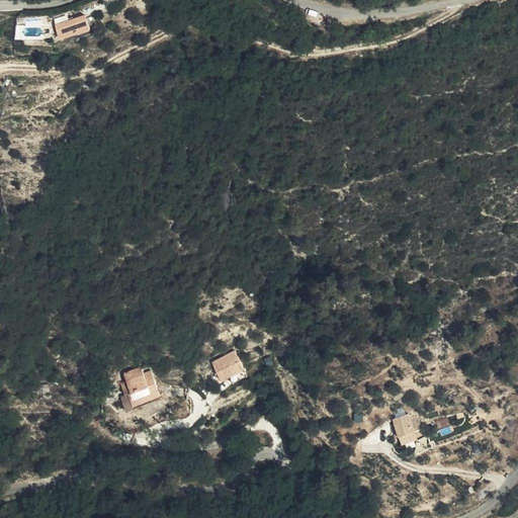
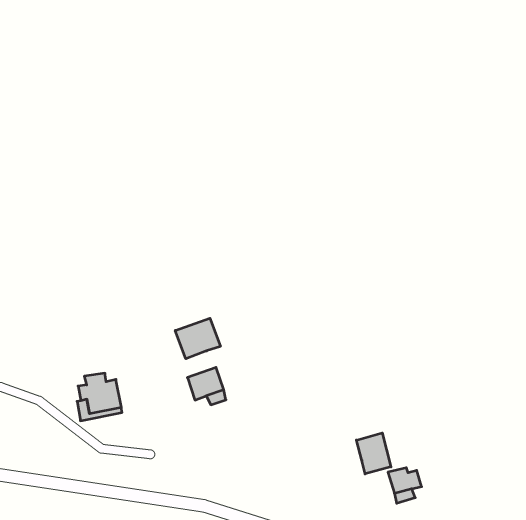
building: none -> [175,318,220,359]
building: none -> [356,433,391,474]

